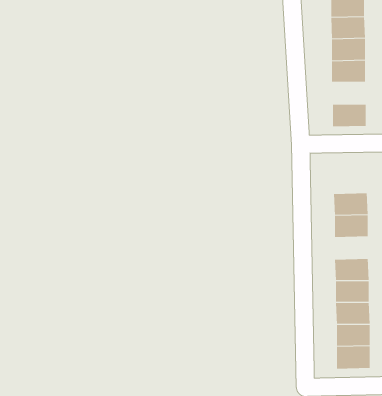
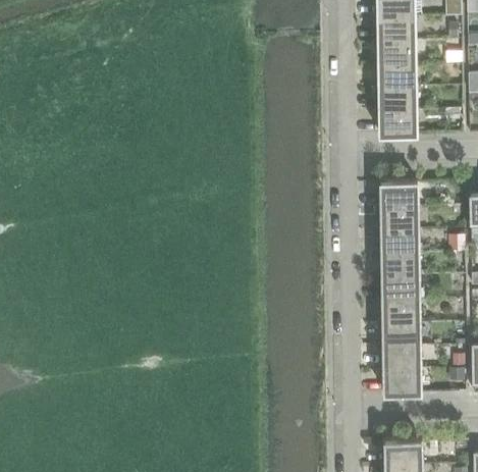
building: none -> [378,91,416,114]
building: none -> [380,186,417,210]
building: none -> [381,256,418,280]

